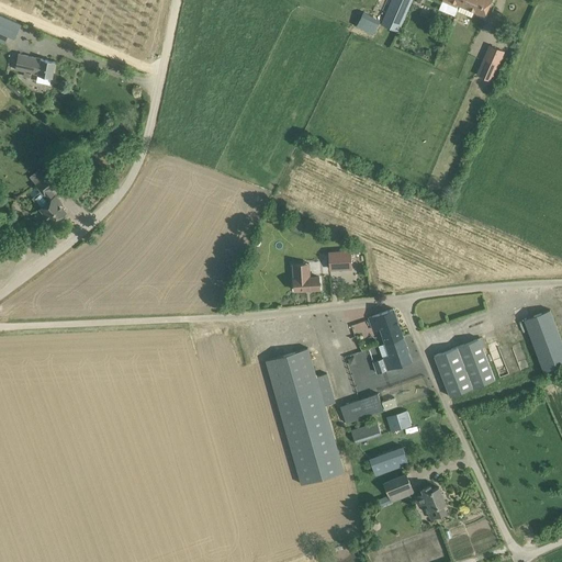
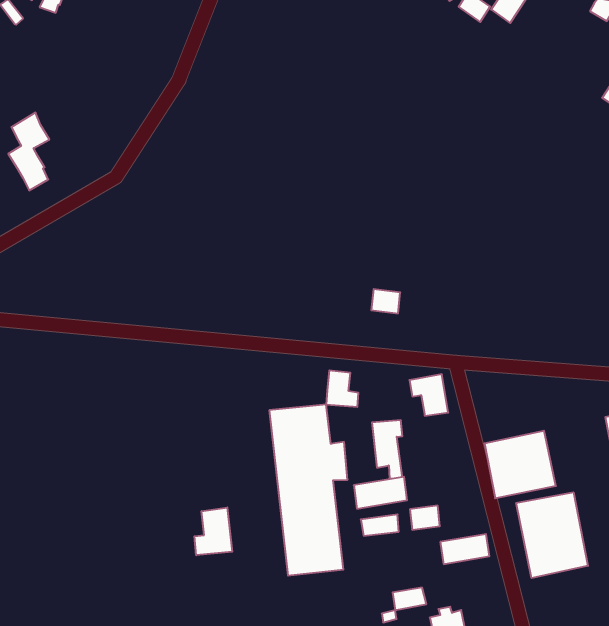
building: [292,263,318,291] -> [326,370,358,407]
building: [372,338,411,373] -> none
building: none -> [516,492,588,578]
building: none -> [194,507,232,555]
building: [368,447,407,475] -> [440,534,489,564]

